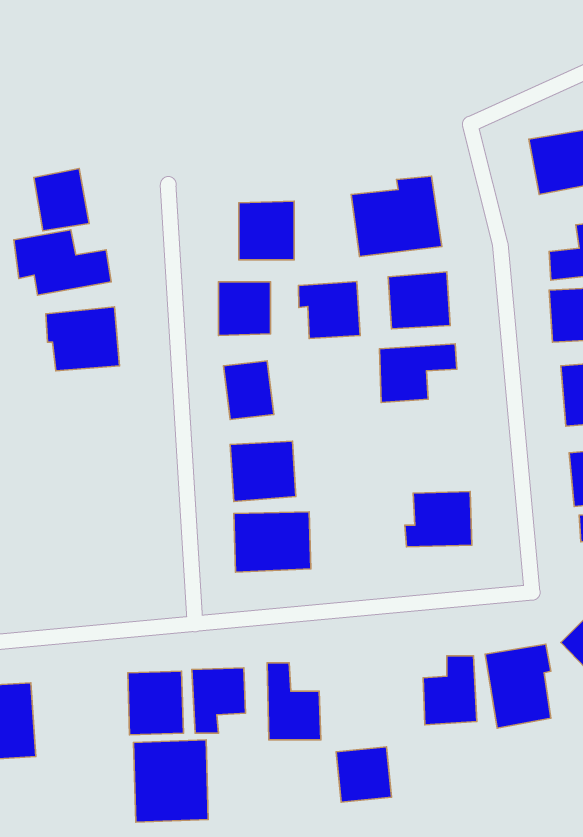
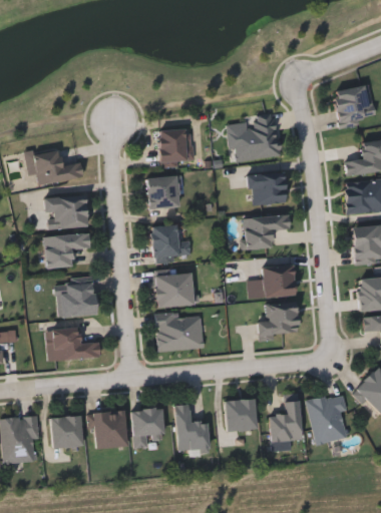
building: [34,168,89,231] -> none
building: [298,282,360,339] -> none
building: none -> [44,233,90,269]
building: none -> [248,266,296,300]
building: none -> [55,279,96,319]
building: none -> [53,330,100,361]
building: none -> [50,415,82,447]
building: [134,740,208,822] -> none
building: [336,747,391,802] -> [225,398,258,431]

